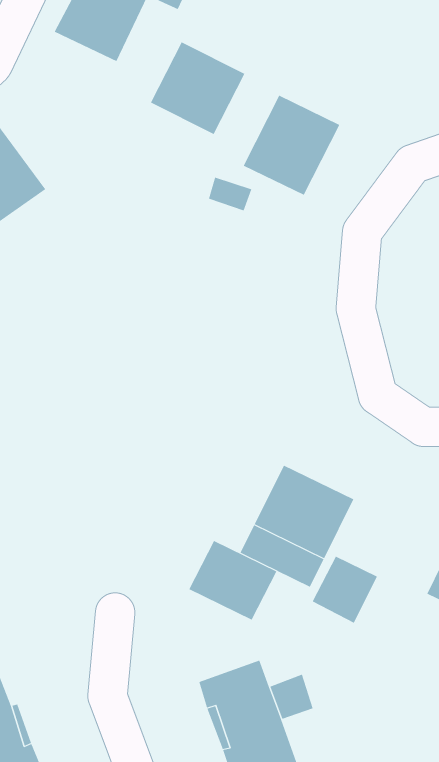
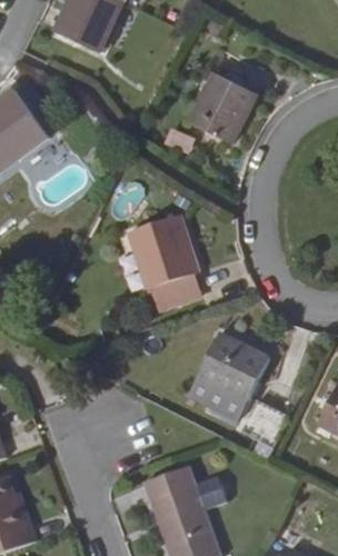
building: [150,42,245,135] -> none
building: none -> [123,214,195,307]
building: [189,540,277,620] -> none

